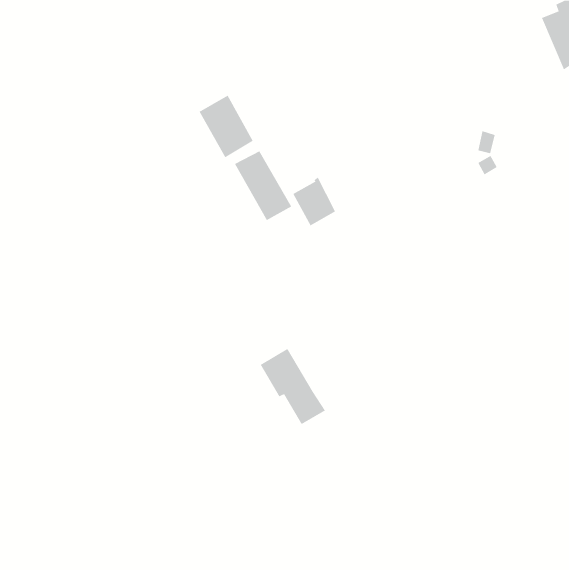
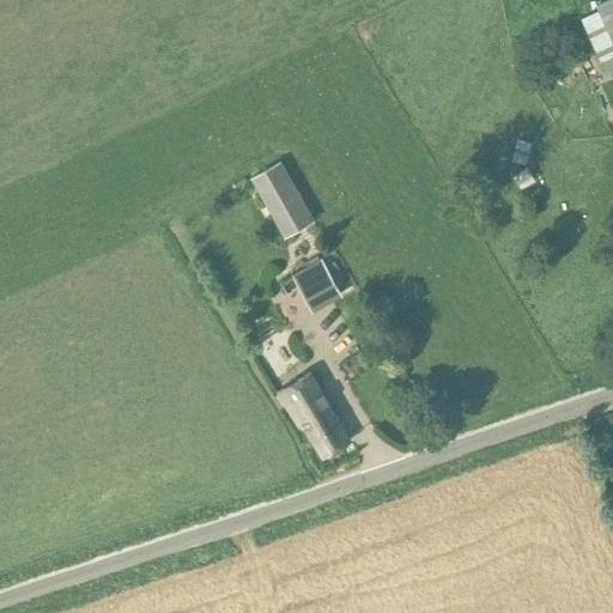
building: [199,95,253,158] -> none
building: [292,177,336,226] -> [295,257,341,310]

